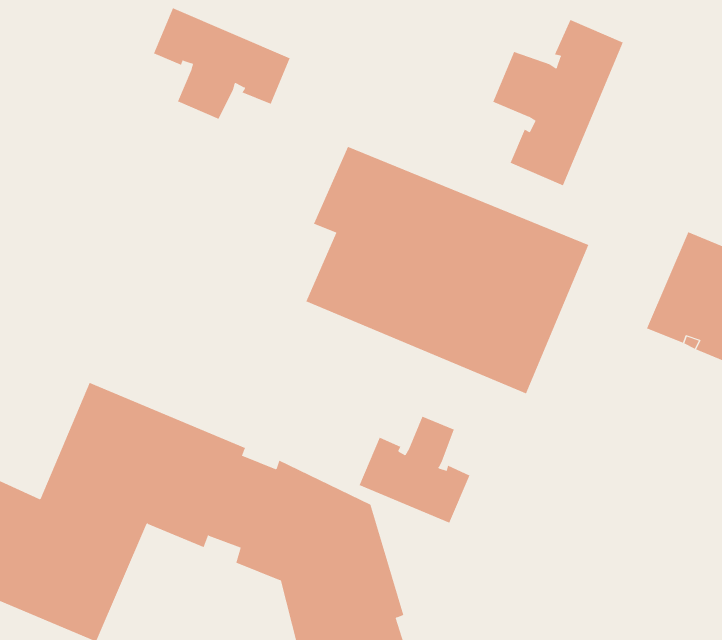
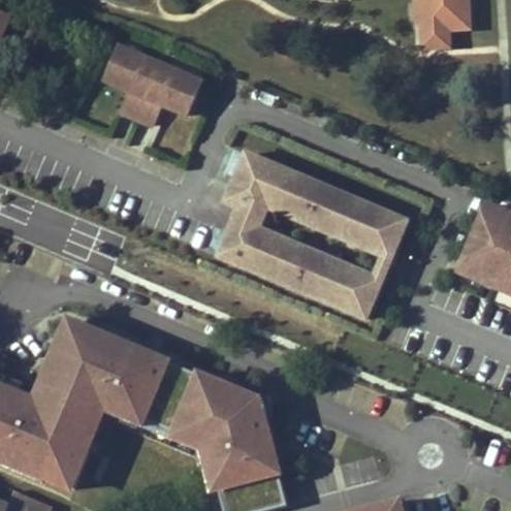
building: [492,19,623,186] -> none
building: [359,416,470,523] -> none

